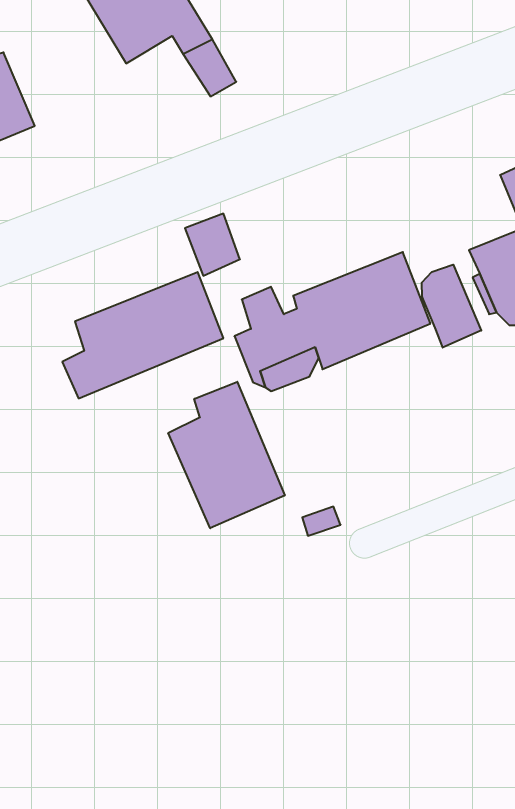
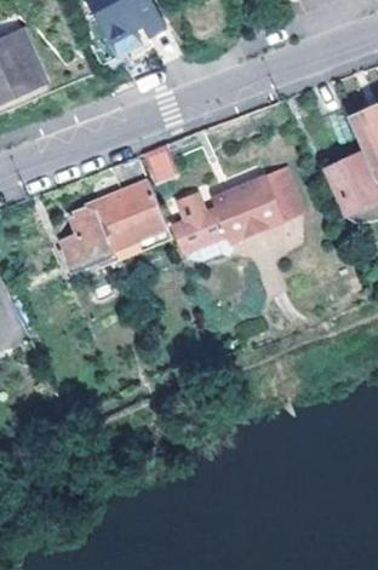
building: [422,265,481,348] -> none
building: [168,382,285,528] -> none

